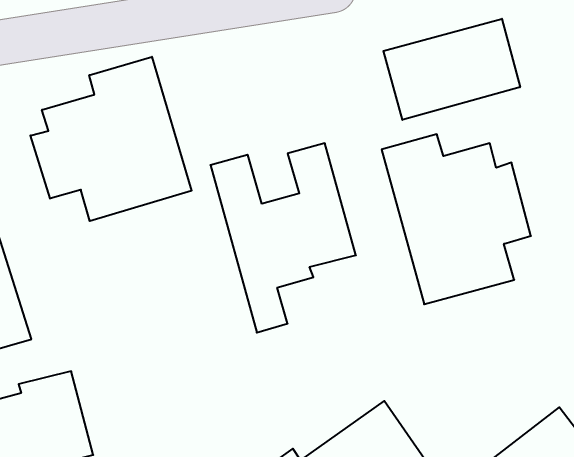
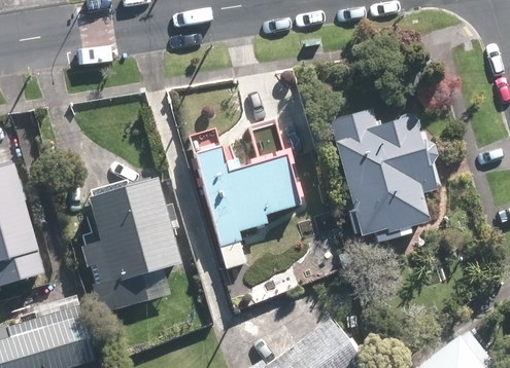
building: [383,19,520,120] -> none
building: [30,57,192,221] -> none
building: none -> [80,177,182,311]

